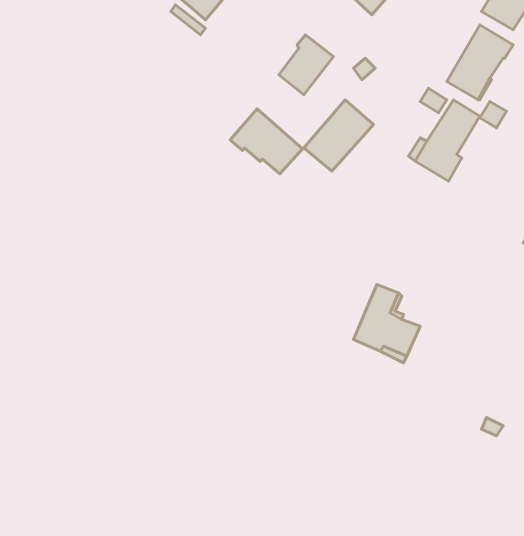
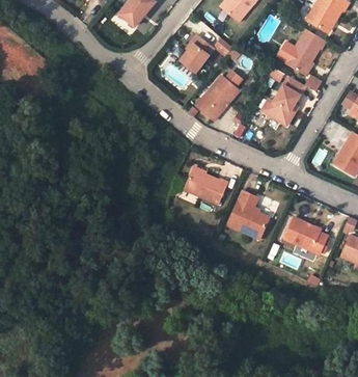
building: [230,109,302,174] -> none
building: none -> [182,167,226,205]
building: none -> [282,217,326,254]

